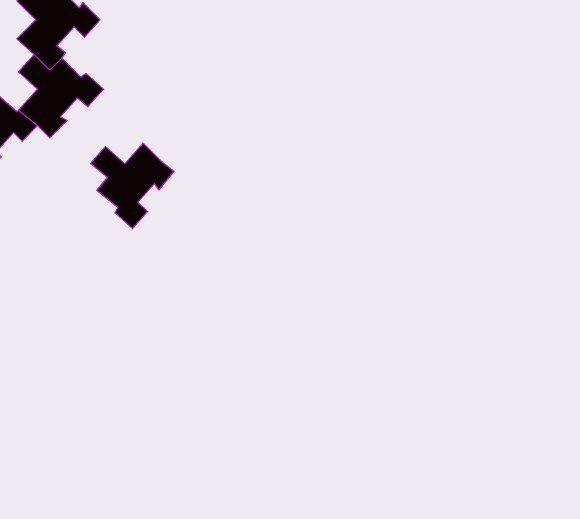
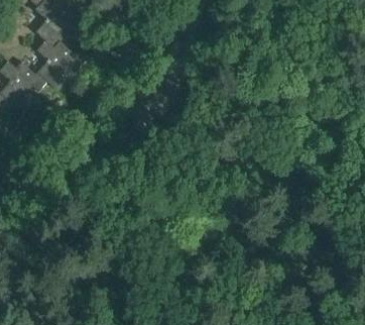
building: [90,143,174,229] -> none

